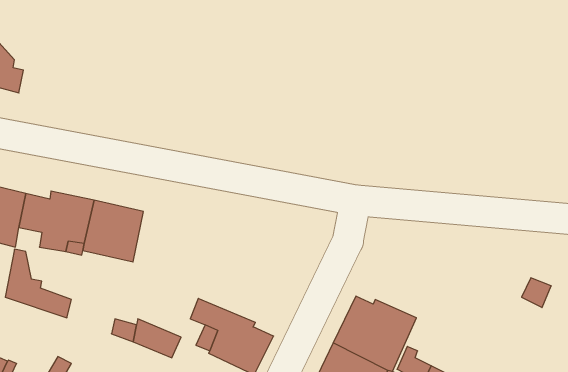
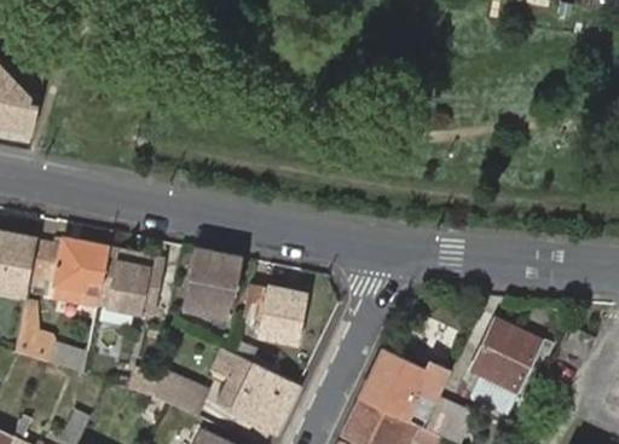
building: none -> [181,246,242,316]
building: none -> [243,284,306,344]
building: none -> [473,318,539,399]

